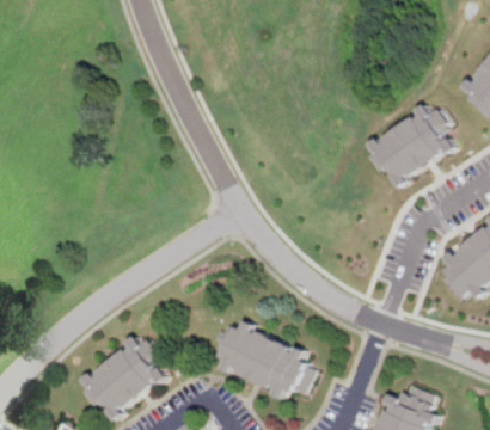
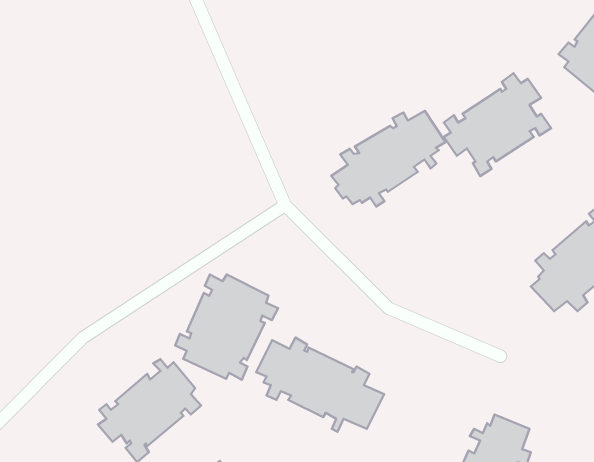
building: none -> [331,111,445,207]
building: none -> [175,274,278,380]

